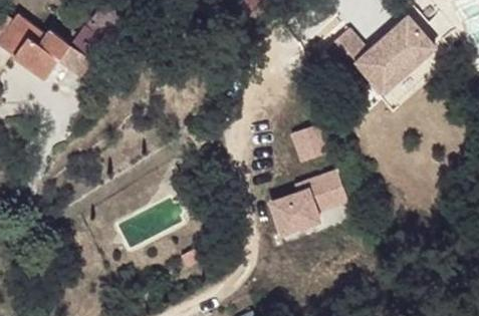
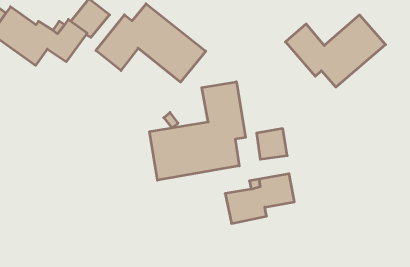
building: none -> [96,4,206,82]
building: none -> [150,82,246,180]

